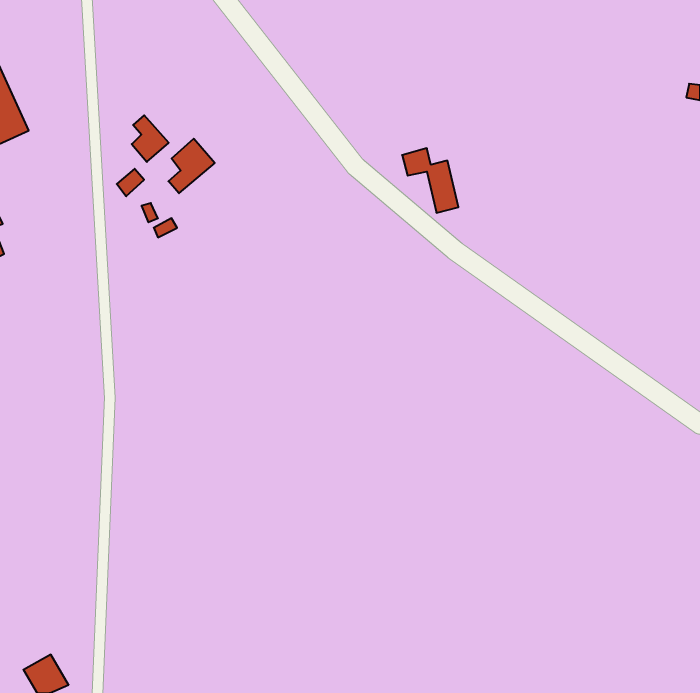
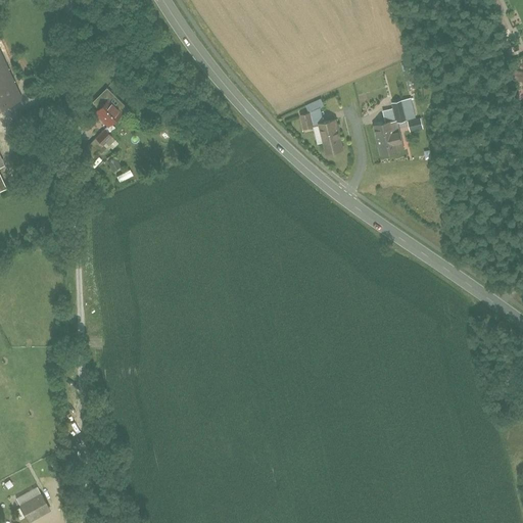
building: none -> [373,100,413,157]
building: [168,139,215,193] -> none

